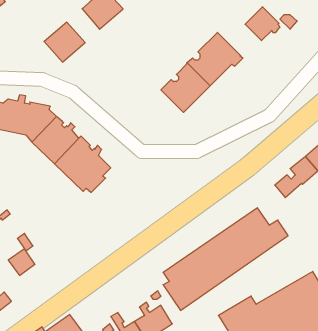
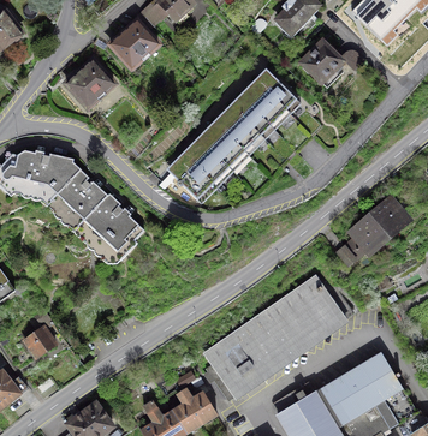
building: none -> [171,139,232,202]

